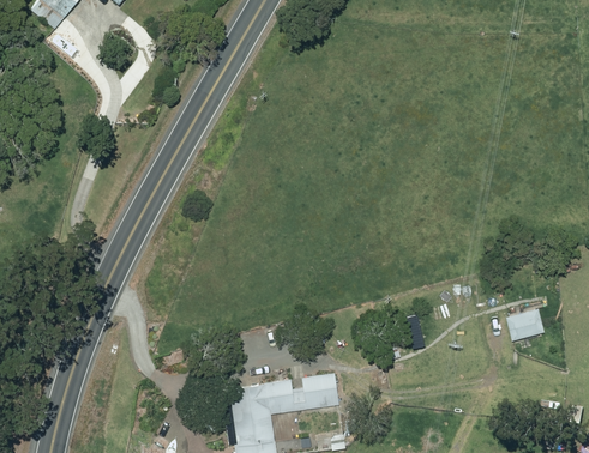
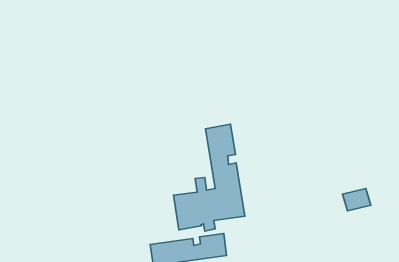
building: none -> [174,124,245,231]

